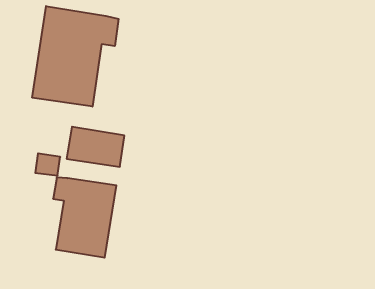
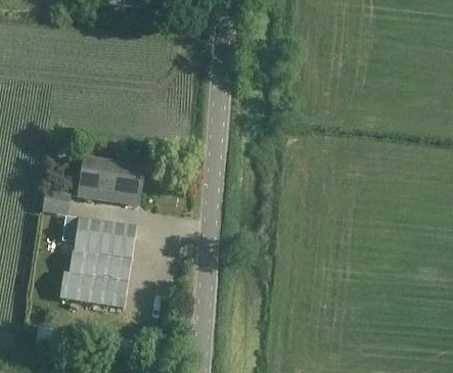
building: [32,6,119,107] -> none

